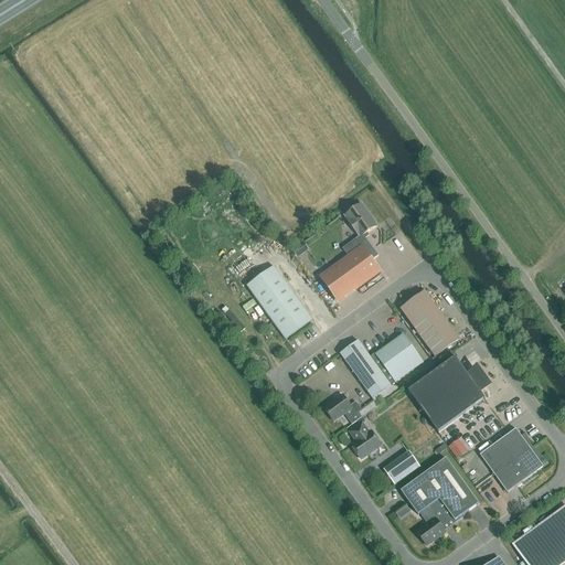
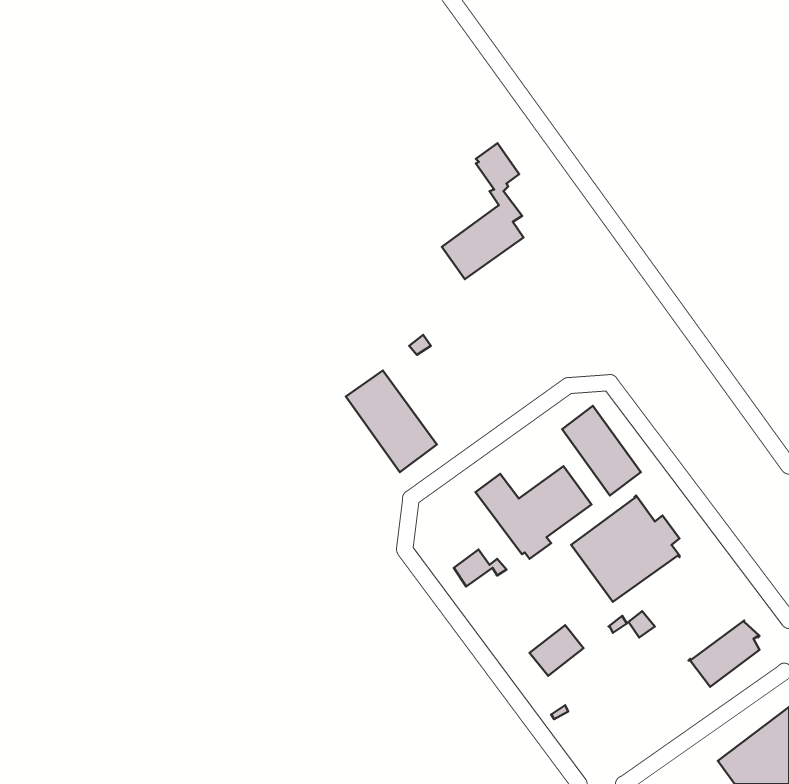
building: [321,202,380,299] -> [442,143,524,279]
building: [350,422,381,457] -> none
building: [480,427,532,472] -> none
building: [401,456,479,544] -> none

